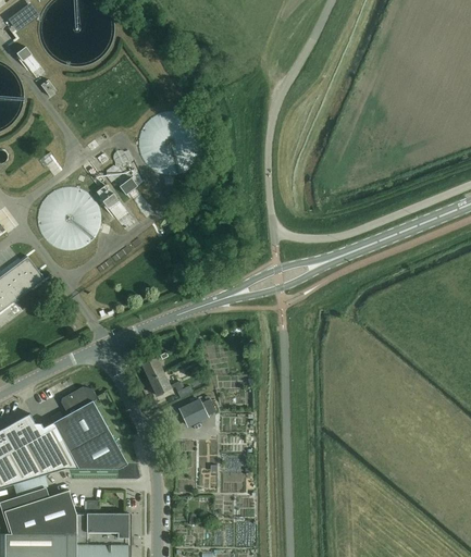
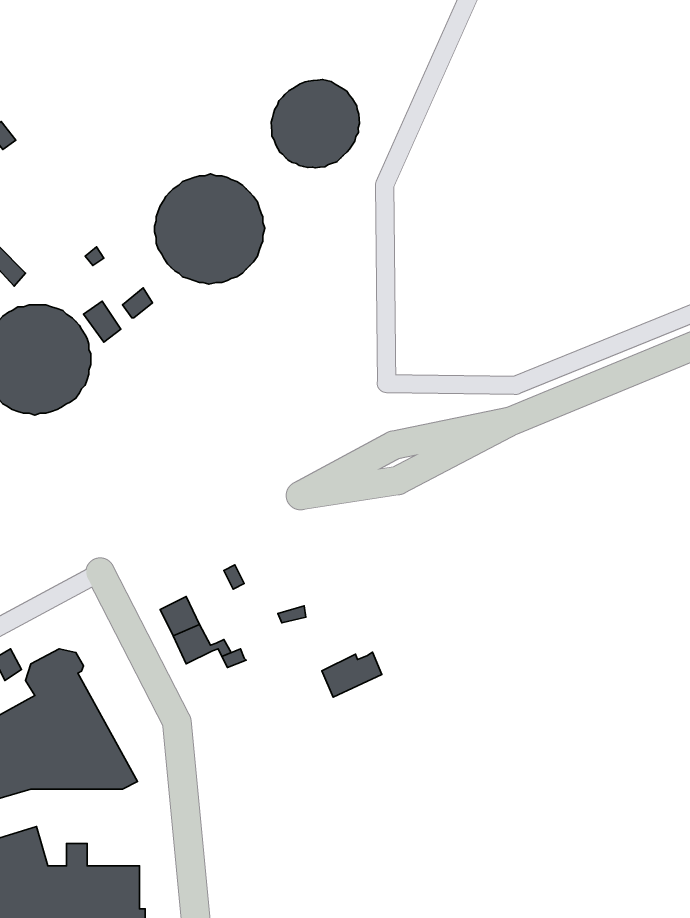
building: none -> [271,80,359,168]
building: [179,399,214,425] -> [322,652,382,697]

